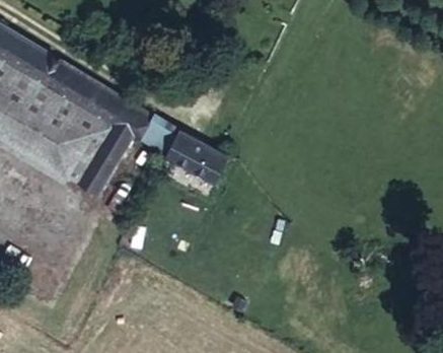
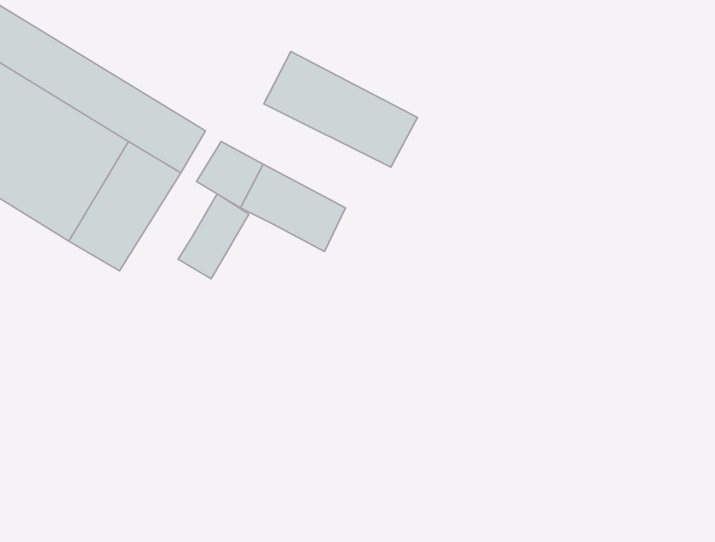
building: none -> [264,52,417,167]
building: none -> [178,194,249,279]

